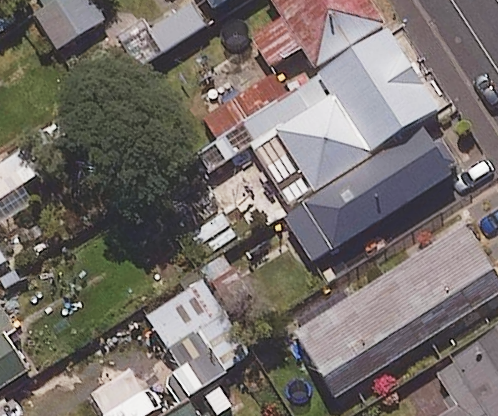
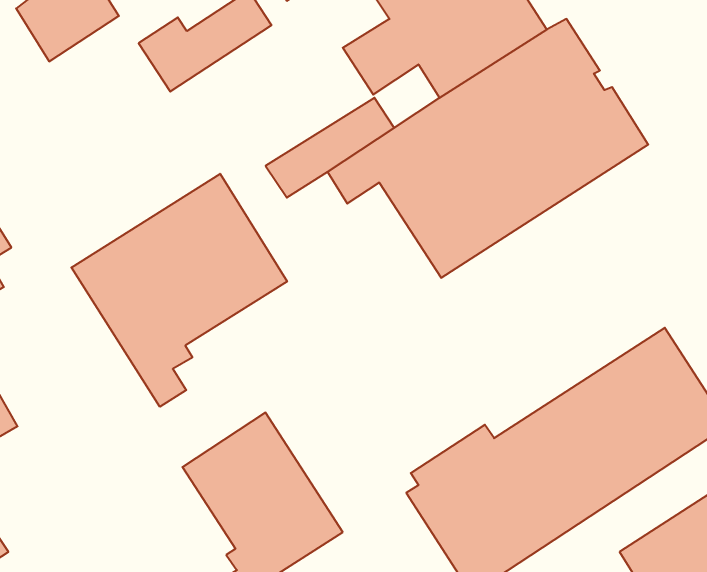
building: none -> [71,174,287,407]
building: [286,129,455,260] -> none

